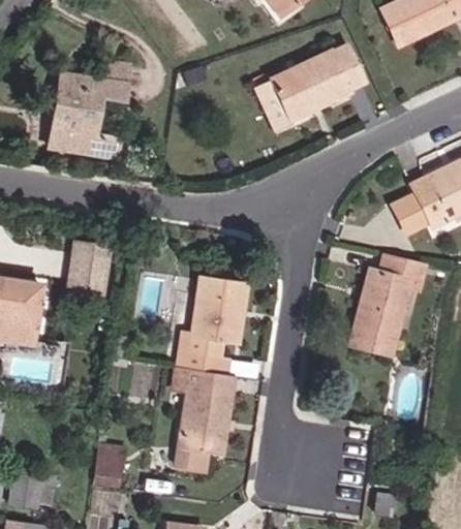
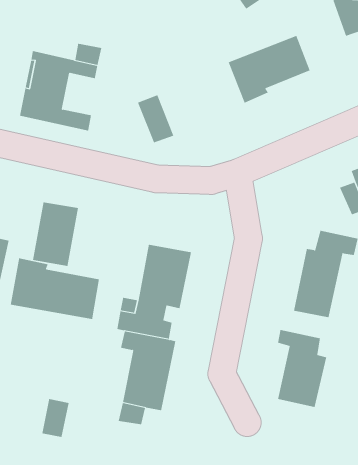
building: [247,76,289,129] -> [137,94,174,143]
building: none -> [10,257,100,320]
building: none -> [277,329,327,408]

